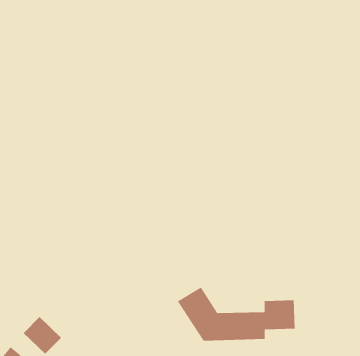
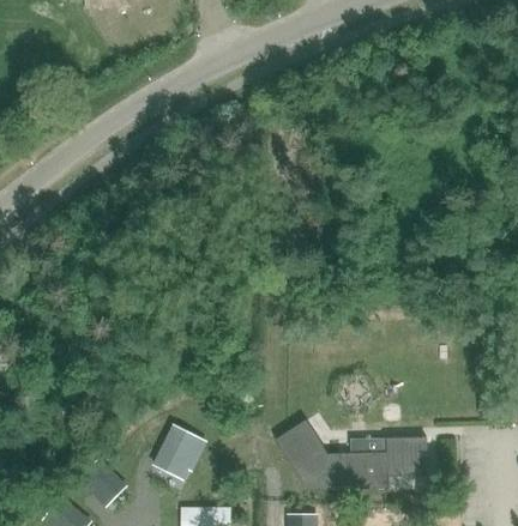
building: none -> [153,425,207,480]

